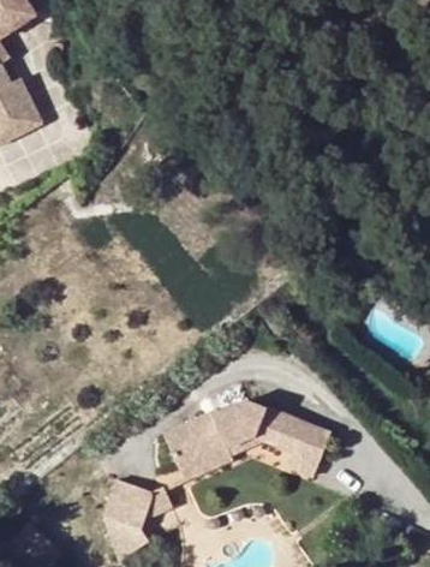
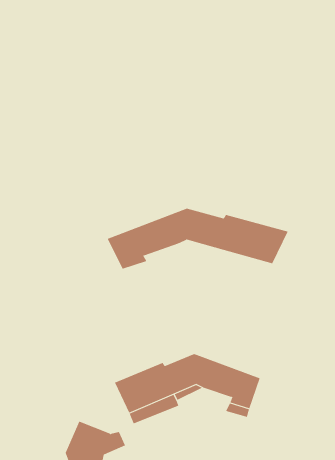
building: none -> [107,208,289,270]

